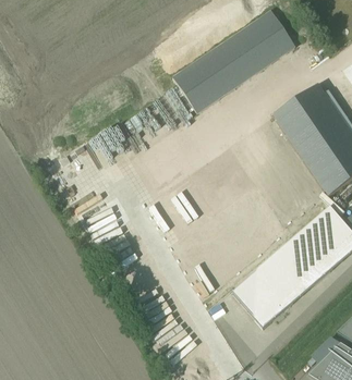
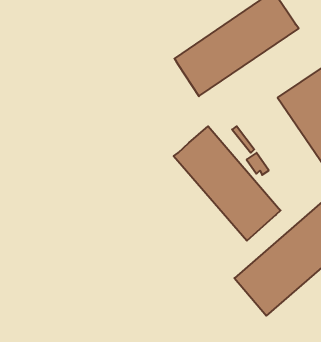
building: none -> [174,126,281,241]

